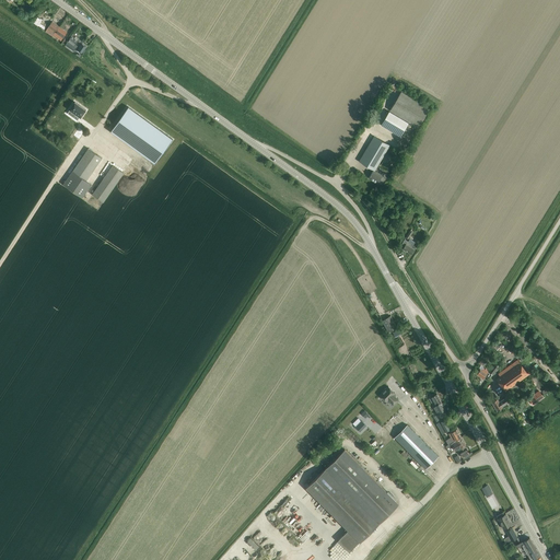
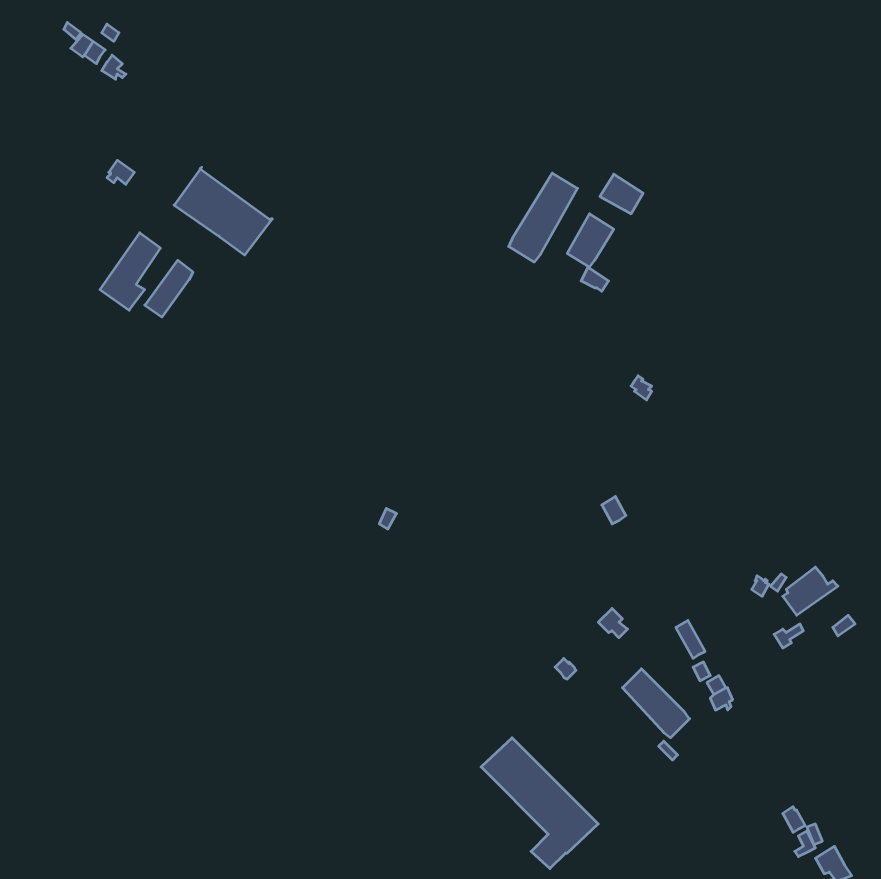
building: [389,92,430,128] -> none
building: none -> [509,173,578,262]
building: [325,450,398,524] -> none

